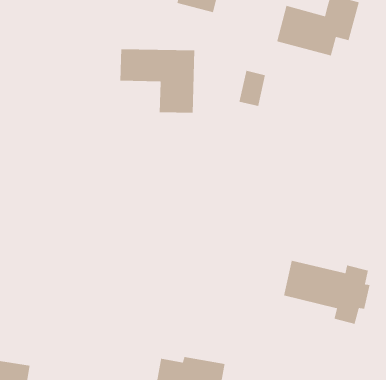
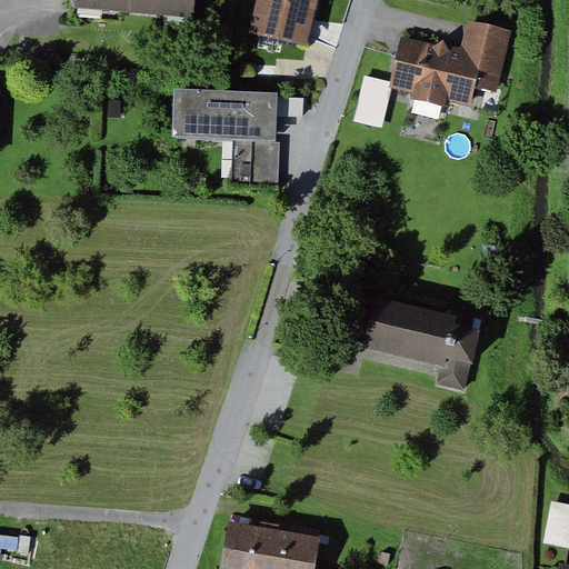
building: [239,70,266,107] -> [352,73,390,124]
building: [283,260,371,325] -> [363,300,485,390]

